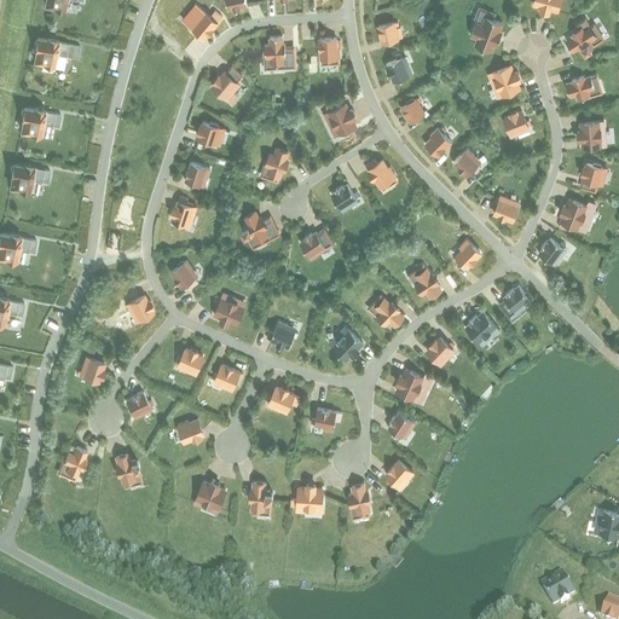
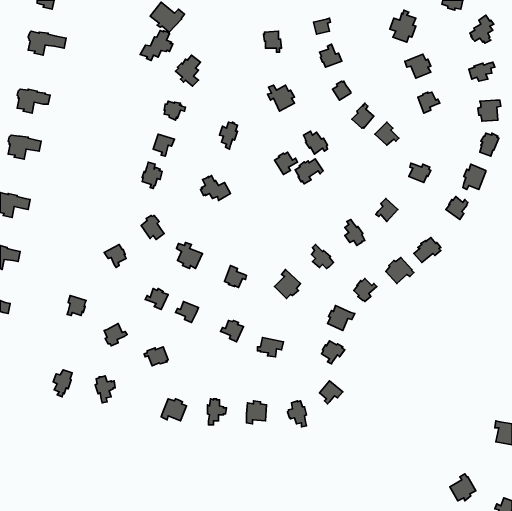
building: [264,37,294,69] -> none
building: none -> [140,31,173,60]
building: [300,230,334,260] -> [295,159,323,184]

